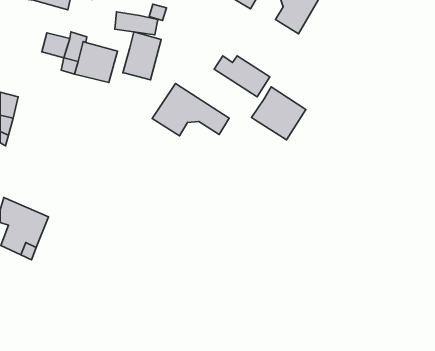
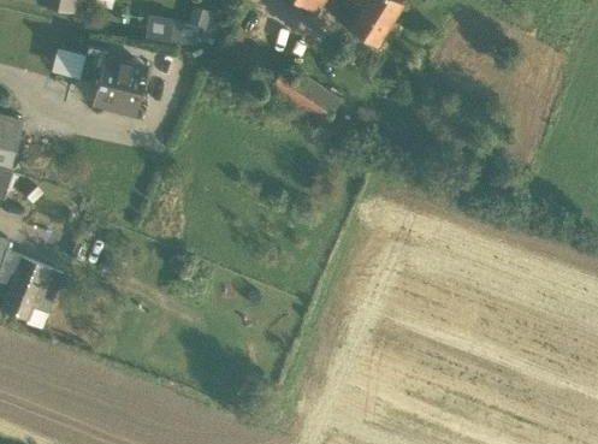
building: [123,32,161,80] -> none
building: [152,84,229,136] -> none
building: [251,87,306,140] -> none

